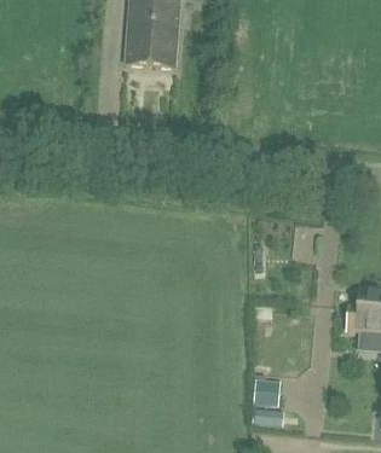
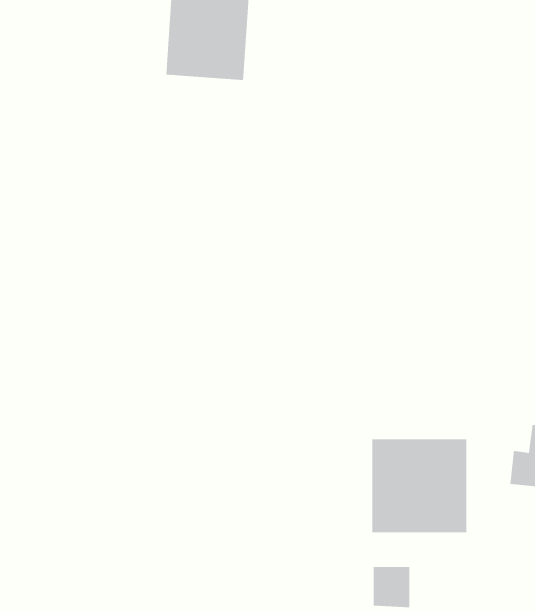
building: none -> [372,439,467,533]

